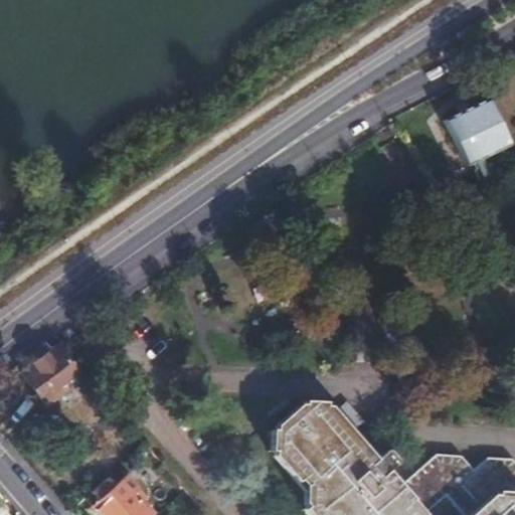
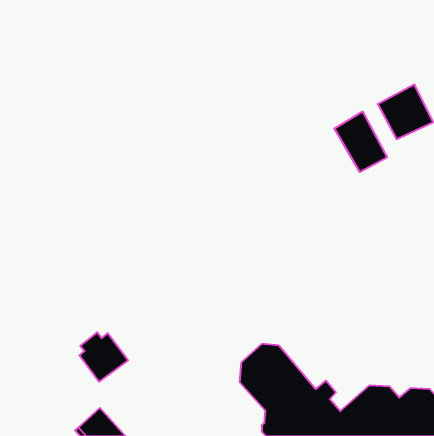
building: none -> [334,112,387,172]
building: [24,346,81,404] -> [79,332,128,382]

